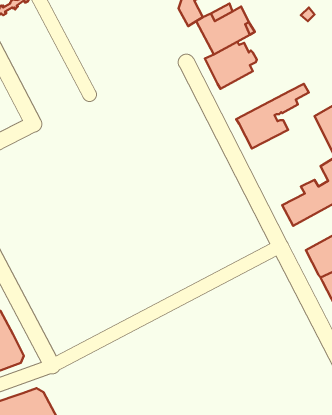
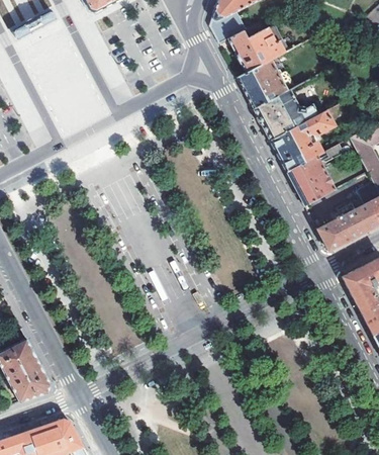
building: none -> [253,90,324,141]
building: none -> [285,144,343,206]

